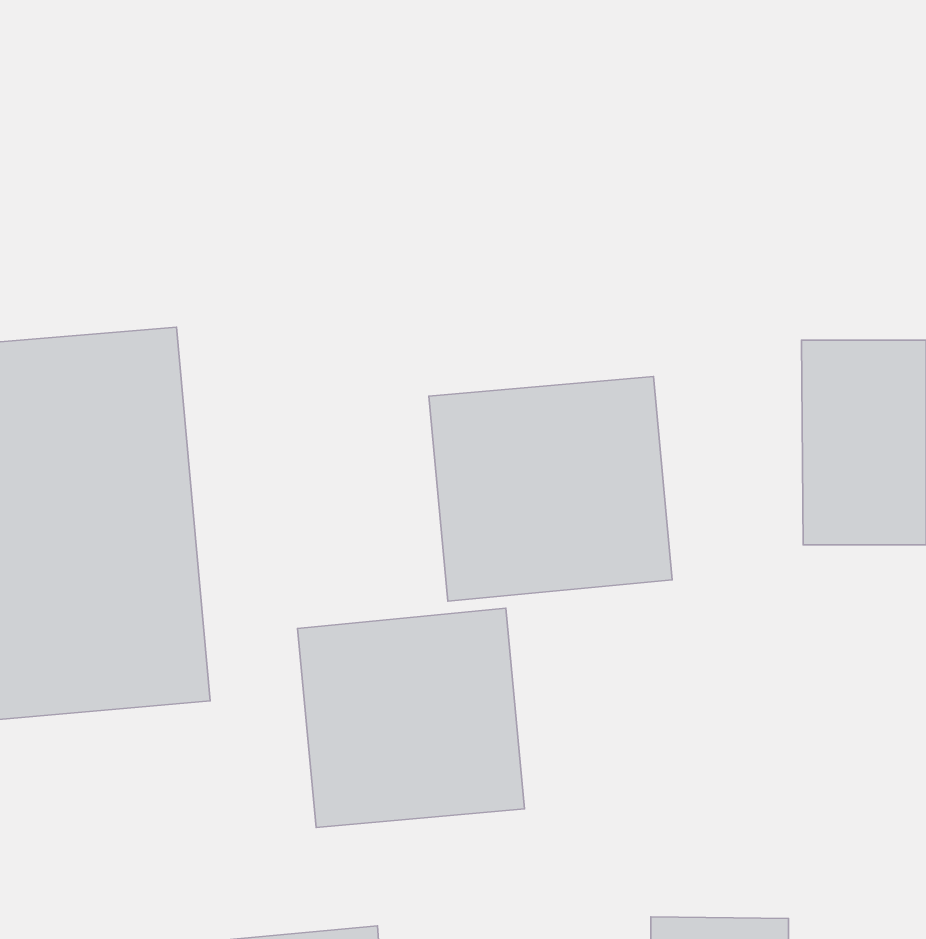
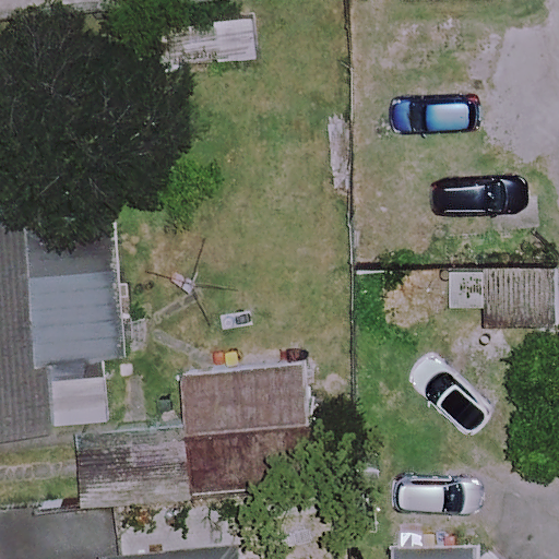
building: [429,377,672,601] -> none

